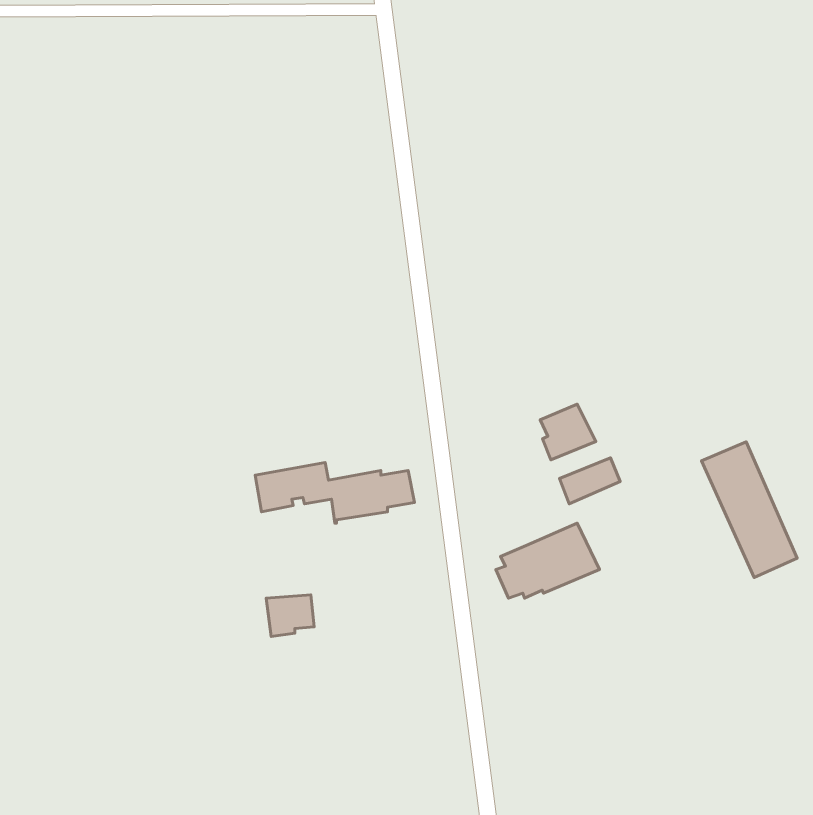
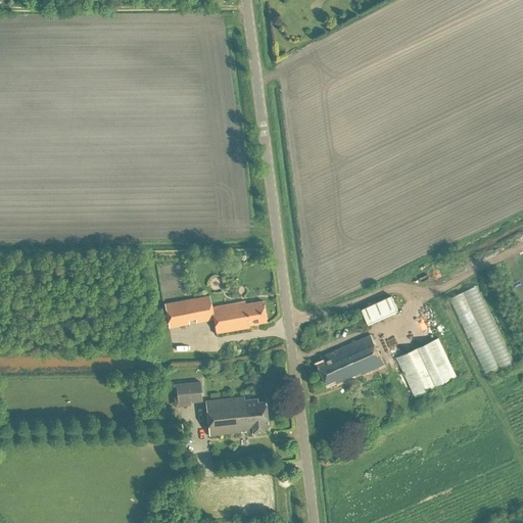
building: [540,404,596,460] -> none
building: none -> [395,338,456,396]
building: none -> [204,397,267,435]

